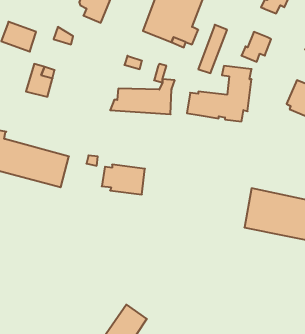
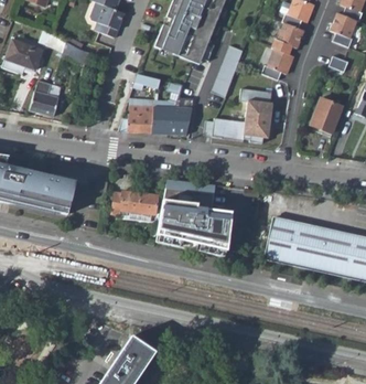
building: none -> [272,22,304,53]
building: none -> [155,179,230,256]

